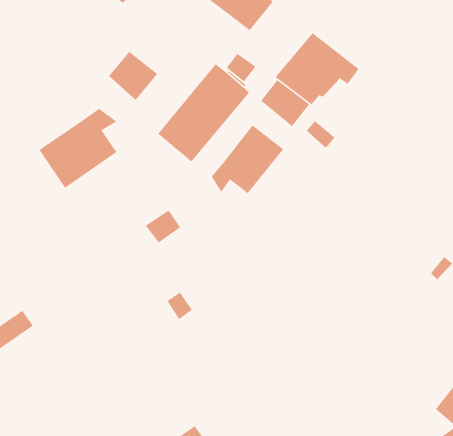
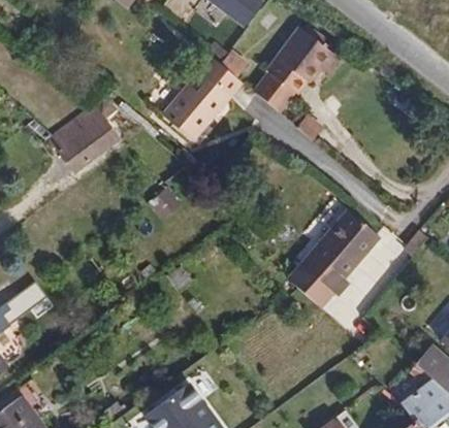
building: [108,51,158,101] -> none
building: [211,125,284,194] -> none
building: none -> [284,208,380,314]

